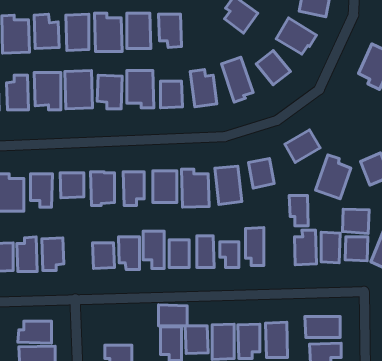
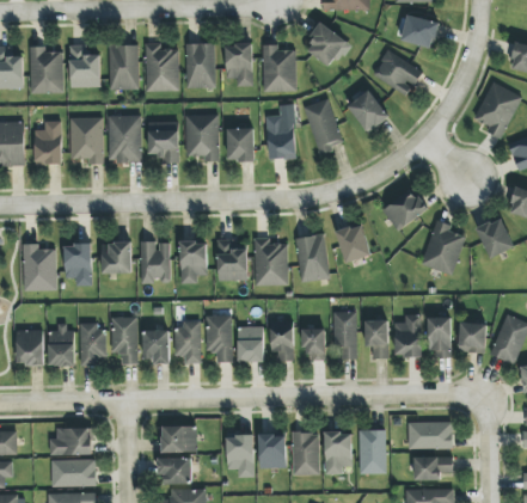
building: none -> [262,44,296,91]
building: [289,195,308,226] -> [364,320,388,358]
building: [343,209,369,233] -> none
building: none -> [111,317,137,364]
building: [159,305,187,326] -> [160,425,196,452]

